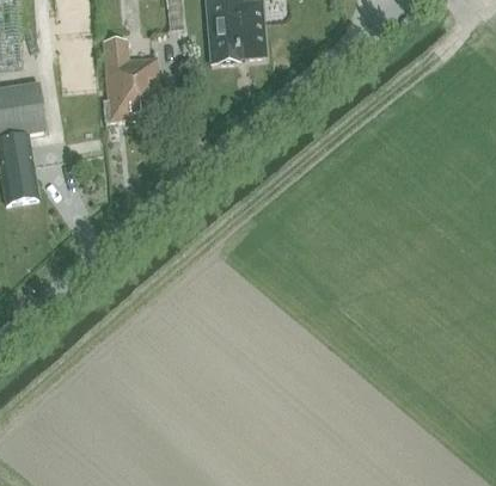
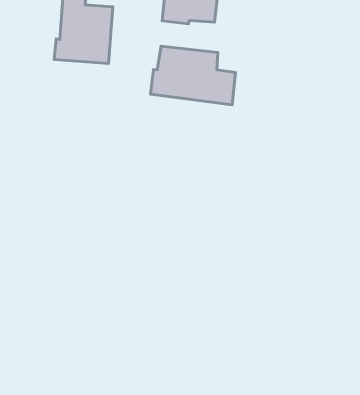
building: none -> [151,46,236,105]

